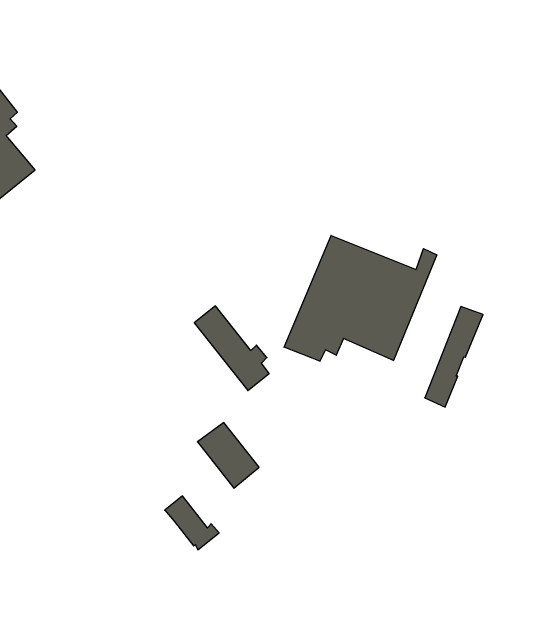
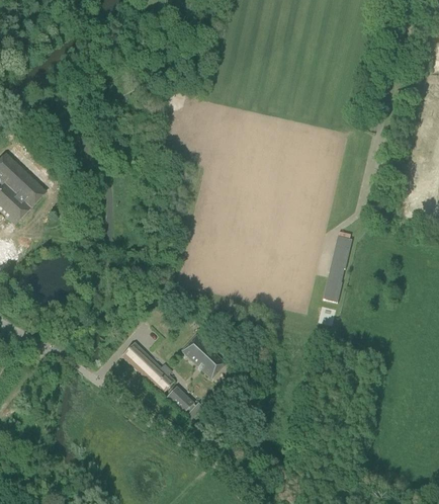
building: [284,235,437,361] -> none
building: [194,306,269,391] -> [120,341,174,393]

